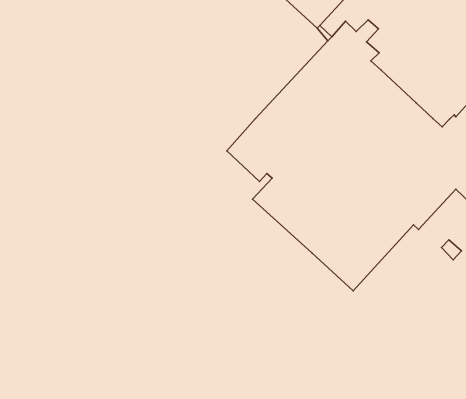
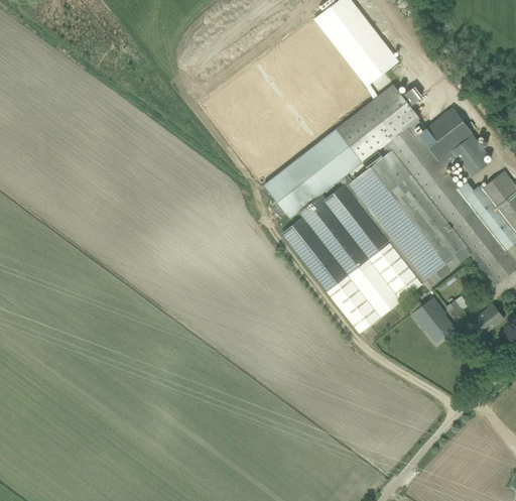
building: none -> [418,108,488,177]
building: none -> [411,296,455,342]

